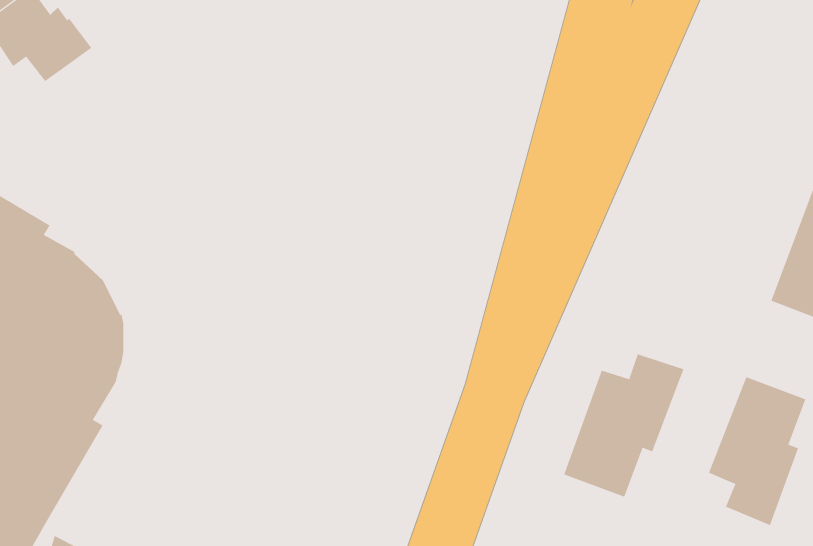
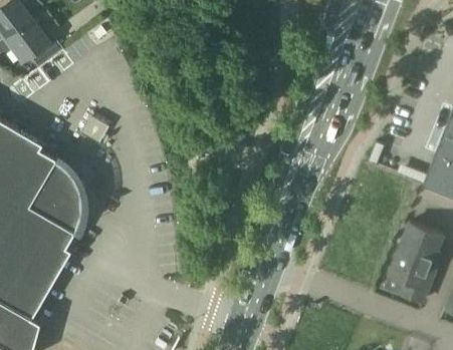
building: [564,353,684,498] -> none

